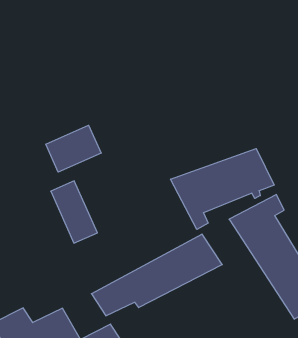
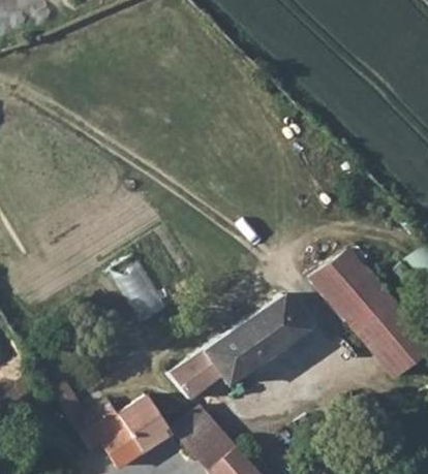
building: [46,125,101,172] -> none
building: [171,149,274,229] -> none

